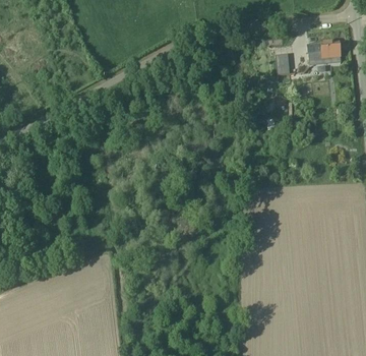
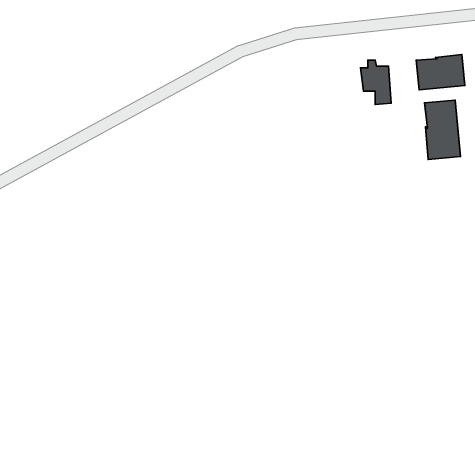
building: none -> [424,100,461,160]

